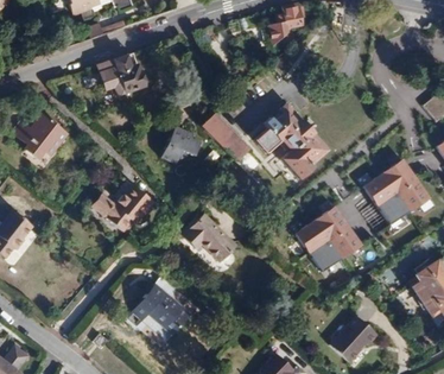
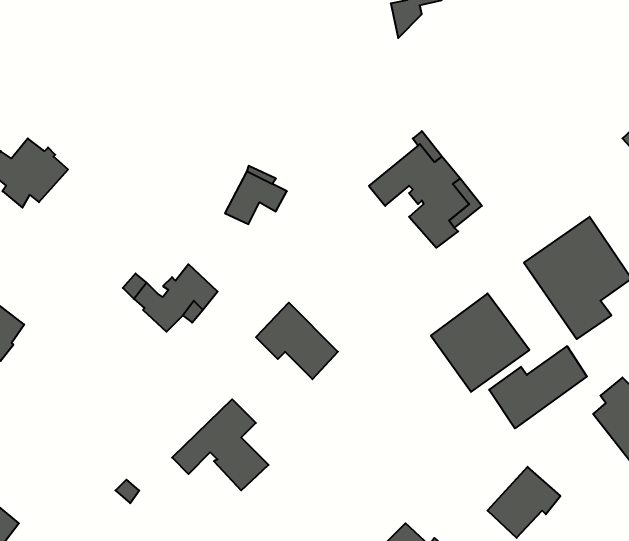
building: [103,51,147,90] -> none
building: [203,113,250,160] -> none
building: none -> [489,346,587,428]

